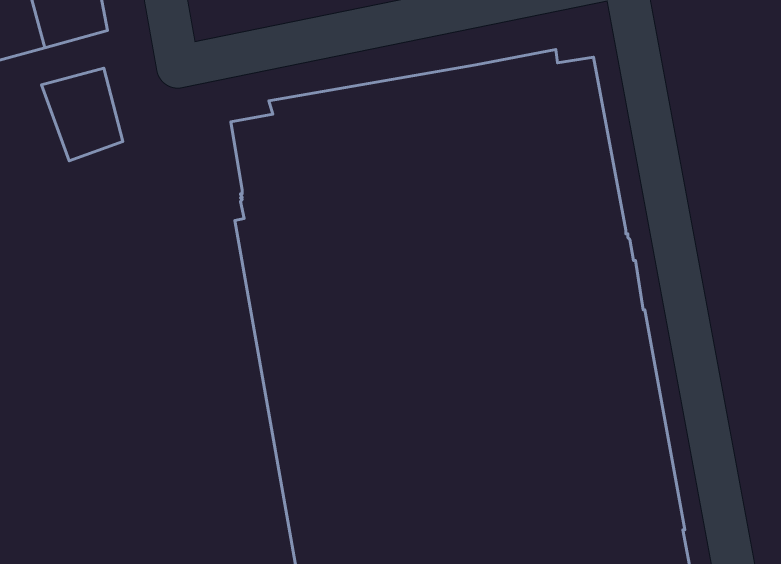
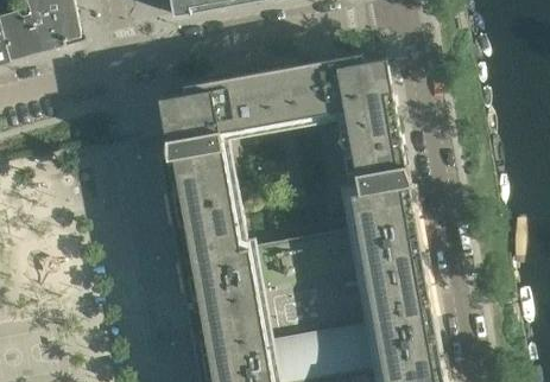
building: [41,68,123,161] -> none

